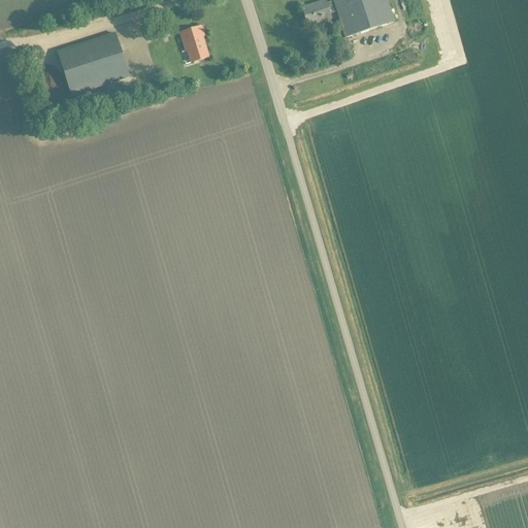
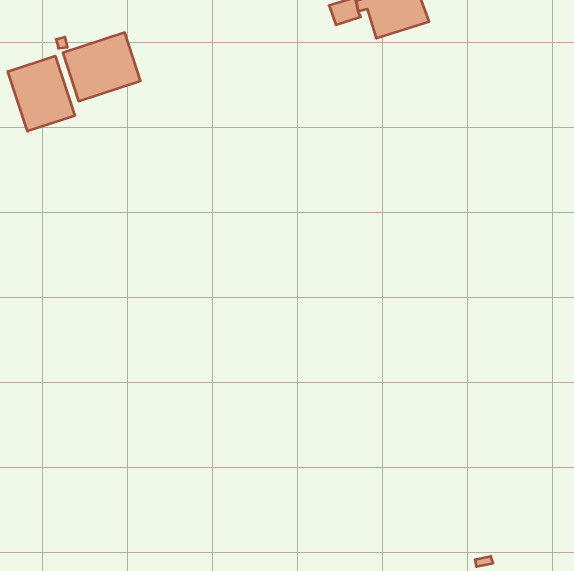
building: [180,24,208,60] -> none
building: none -> [8,56,75,131]

